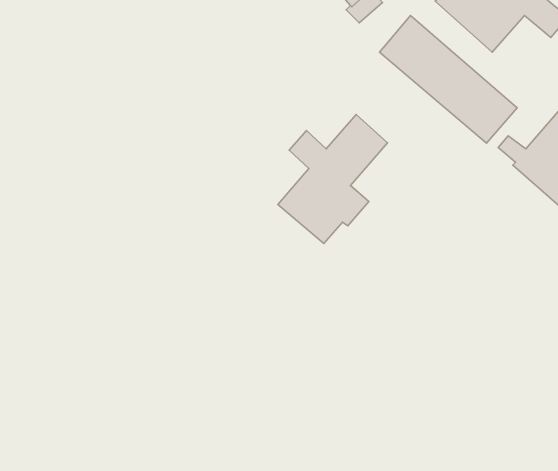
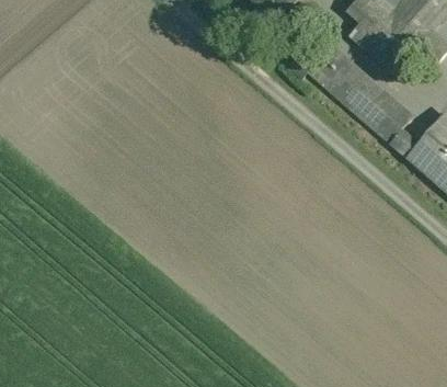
building: [278,115,388,243] -> none

